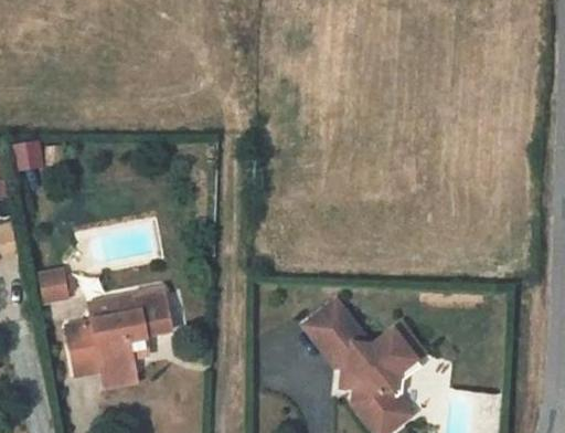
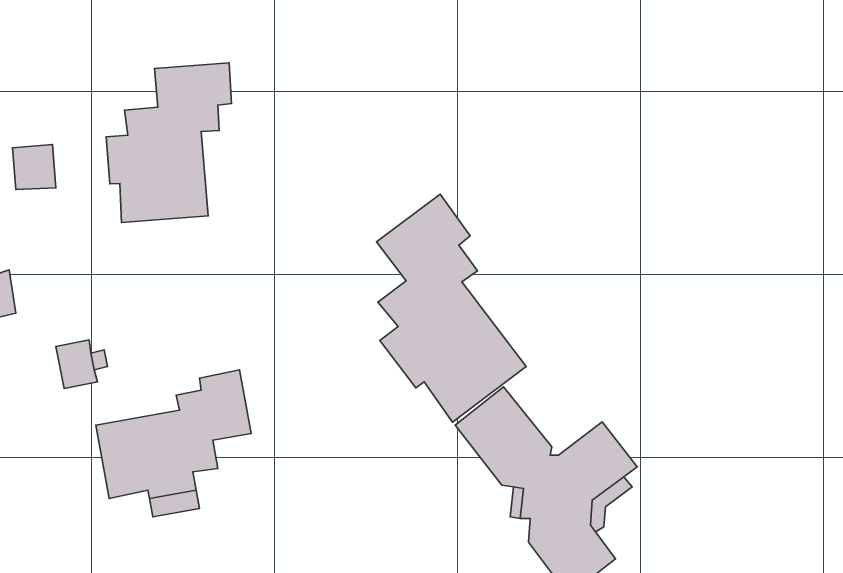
building: none -> [106,63,231,223]
building: none -> [377,194,526,422]

